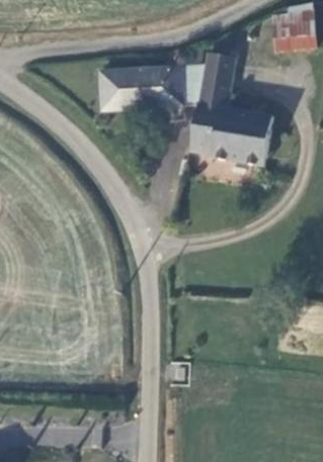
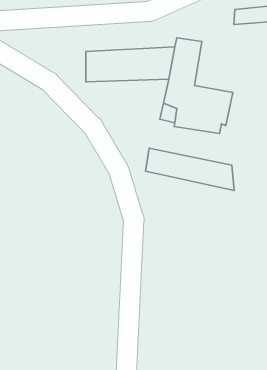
building: none -> [146,148,234,191]

